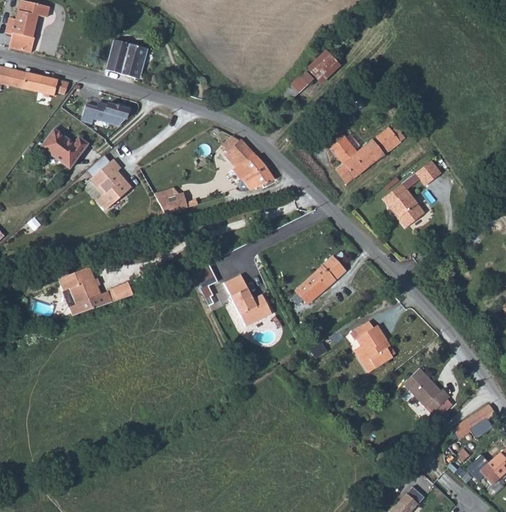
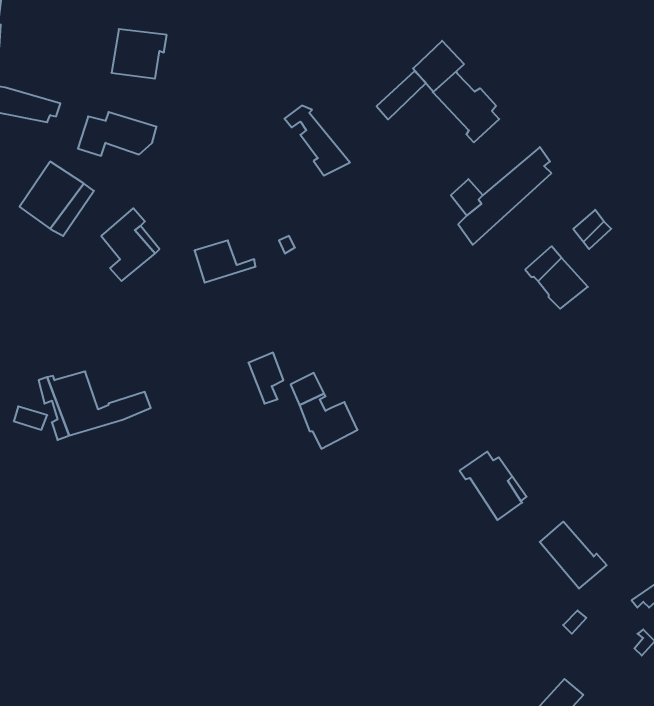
building: none -> [433,72,499,142]
building: [230,142,275,190] -> [284,106,350,175]
building: [296,267,339,303] -> none

